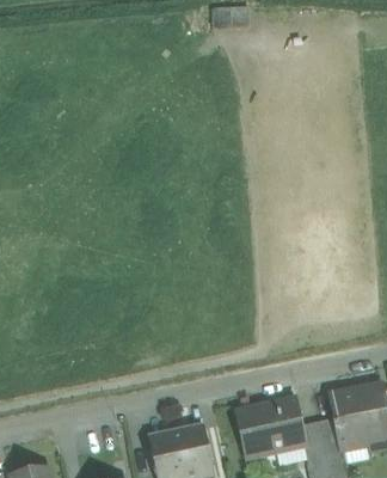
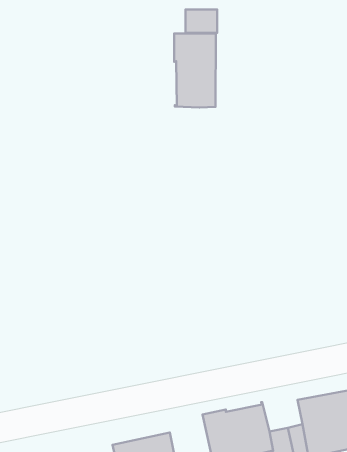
building: none -> [174,34,216,108]

